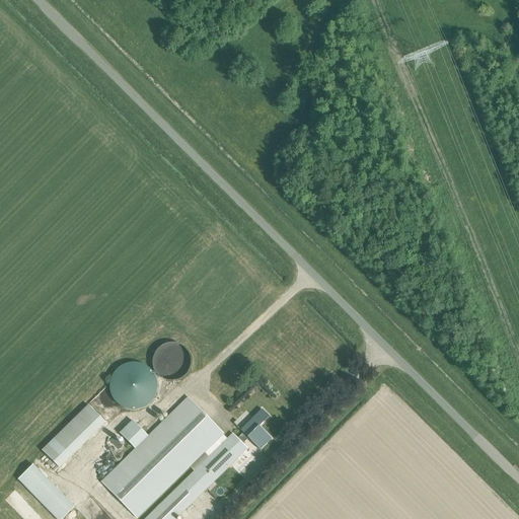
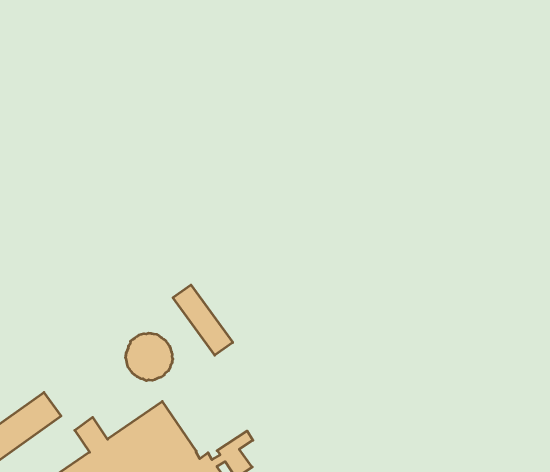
building: none -> [173,285,233,355]
building: [109,361,157,409] -> none

